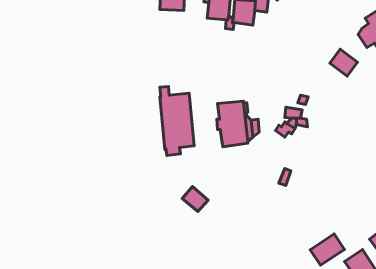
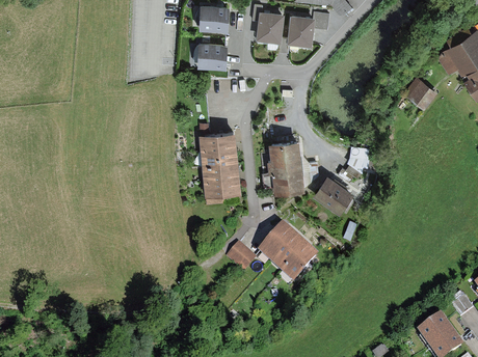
building: none -> [196,39,227,65]
building: none -> [312,172,354,213]
building: none -> [257,222,318,282]
building: [310,234,345,265] -> none

